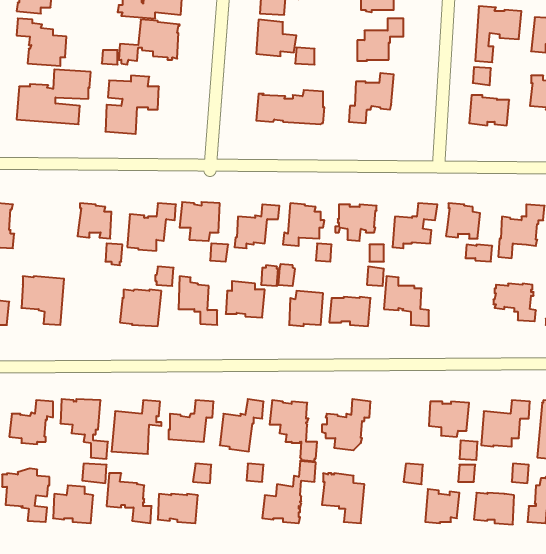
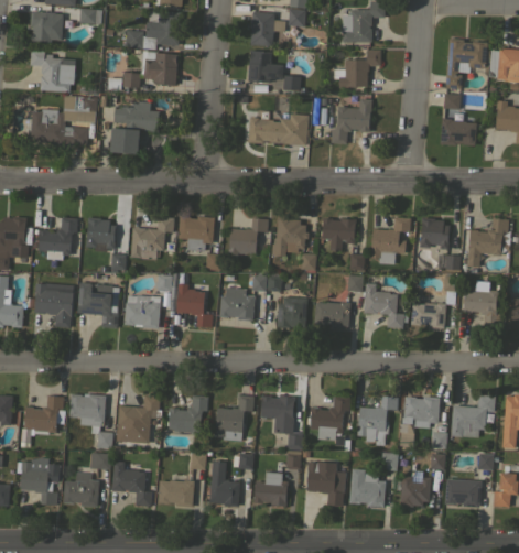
building: none -> [39,217,78,260]
building: none -> [411,275,459,328]
building: none -> [78,282,120,328]
building: none -> [358,395,399,446]
building: none -> [212,462,240,506]
building: none -> [349,469,387,508]

